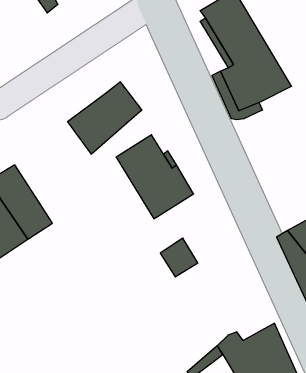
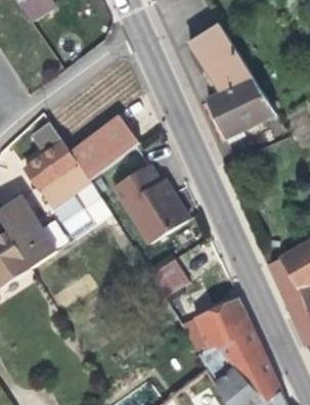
building: none -> [18,123,106,239]
building: none -> [201,302,262,361]

